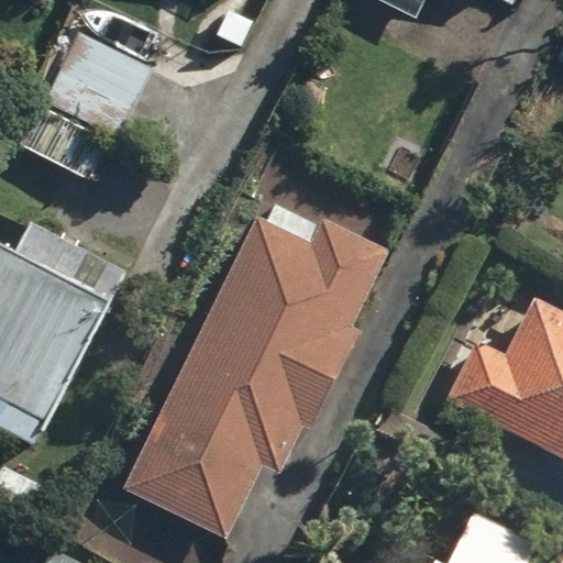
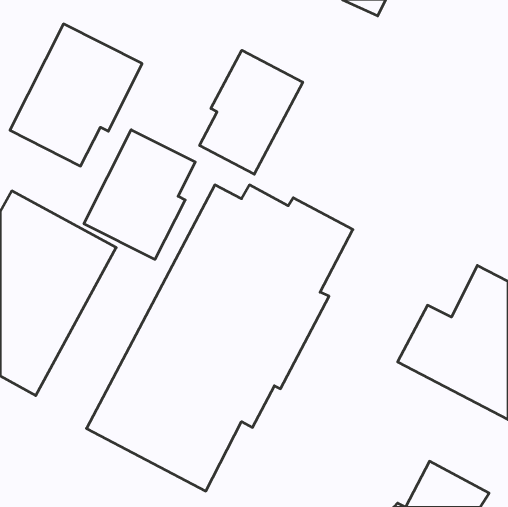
building: none -> [200,50,303,174]
building: none -> [84,130,195,259]

